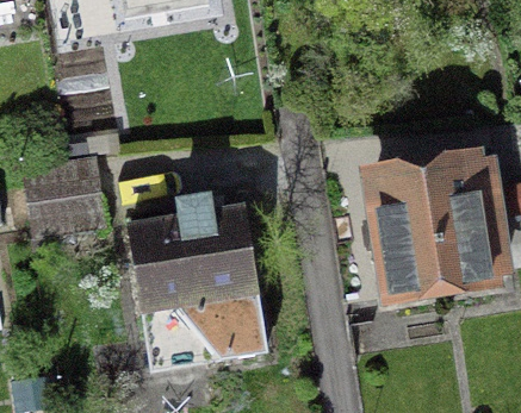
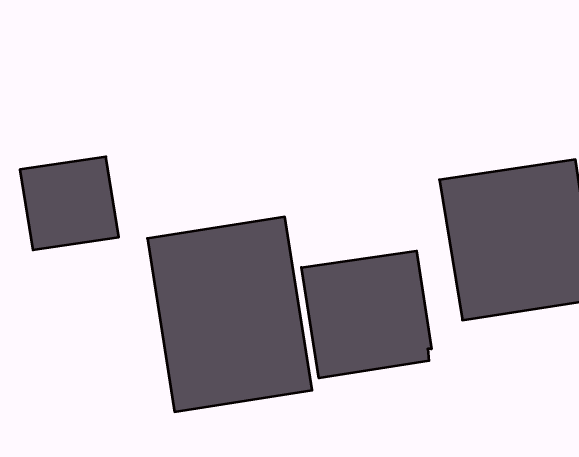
building: none -> [301,251,431,378]

